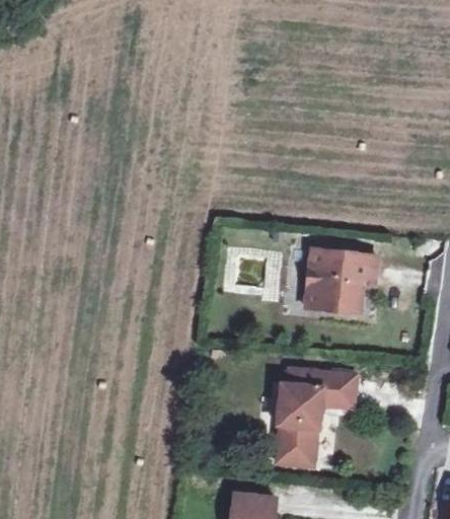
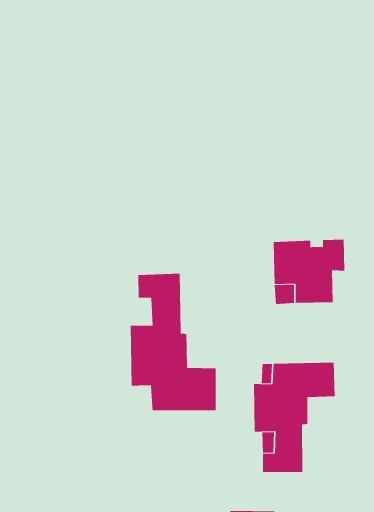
building: none -> [130,273,216,411]

